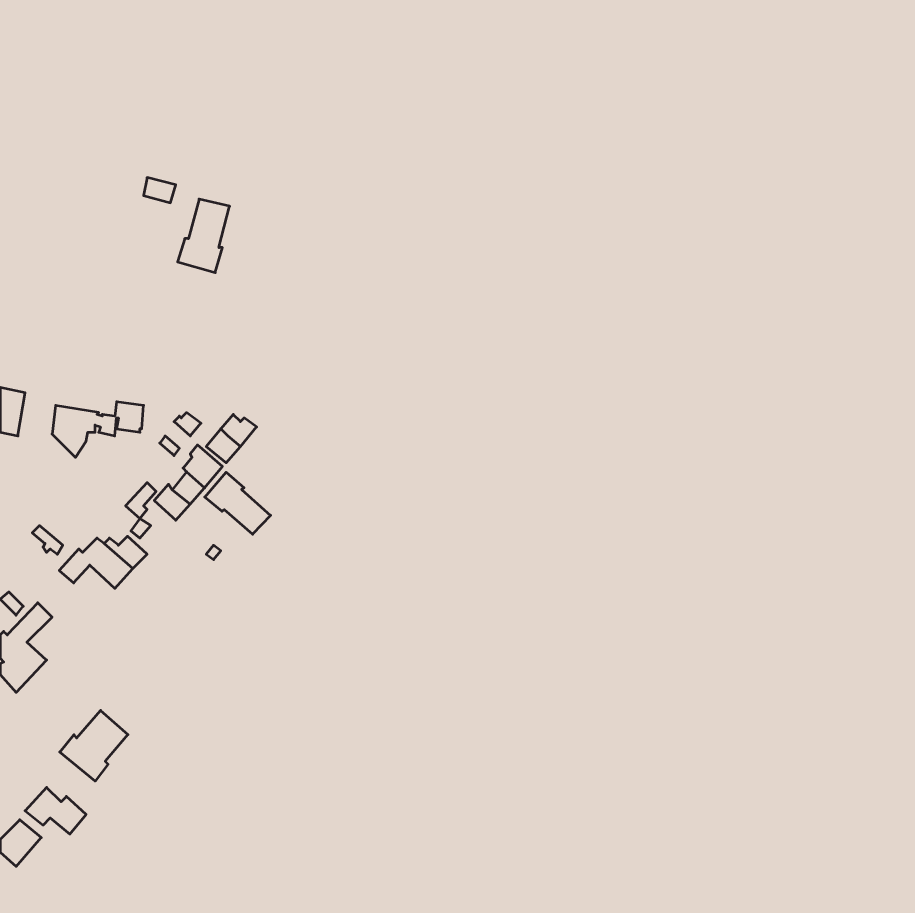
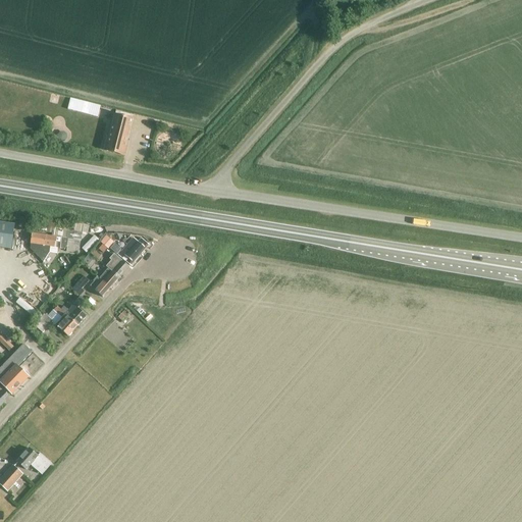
building: [205,472,271,534] -> none
building: [60,710,128,781] -> none

